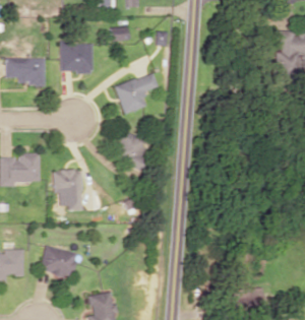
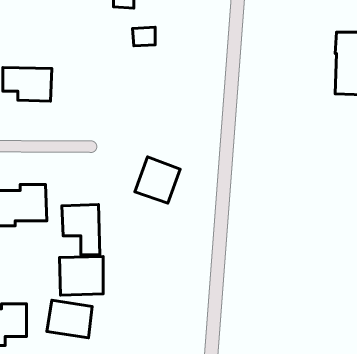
building: [59,44,93,72] -> none
building: [114,71,159,114] -> none
building: none -> [59,256,103,295]

